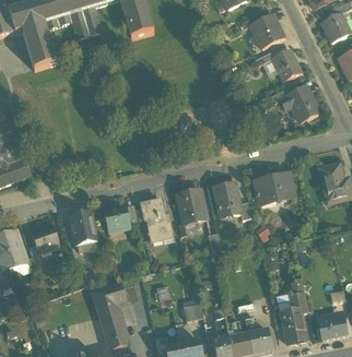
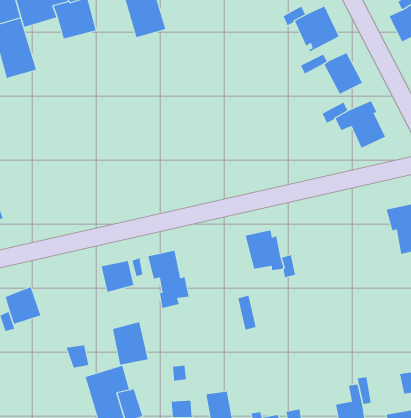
building: [255,171,295,204] -> none
building: [177,189,208,224] -> none
building: [70,213,97,246] -> [112,322,149,365]

